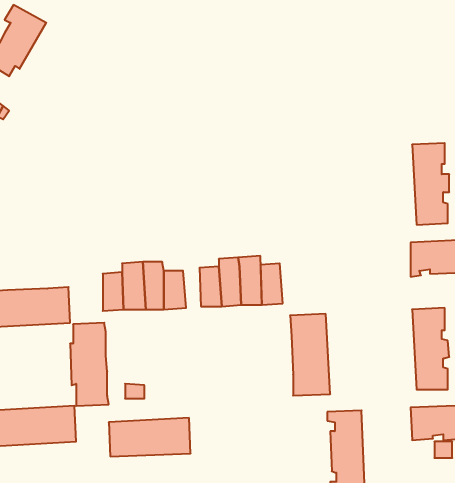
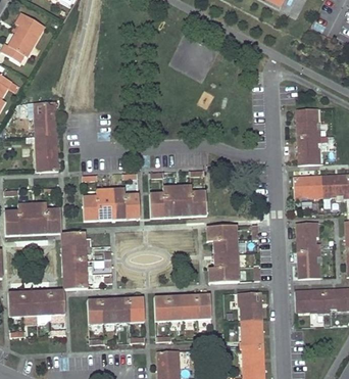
building: none -> [28,100,58,170]
building: none -> [154,293,211,320]

